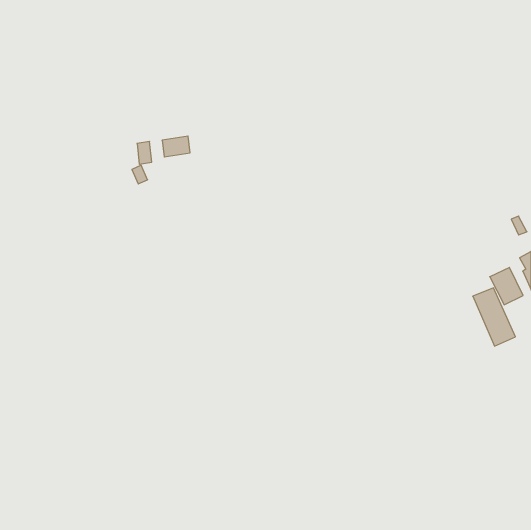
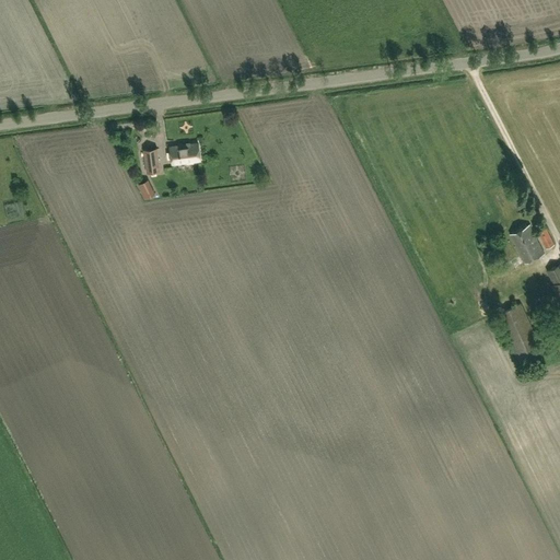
building: [490,267,523,305] -> [510,224,545,264]

